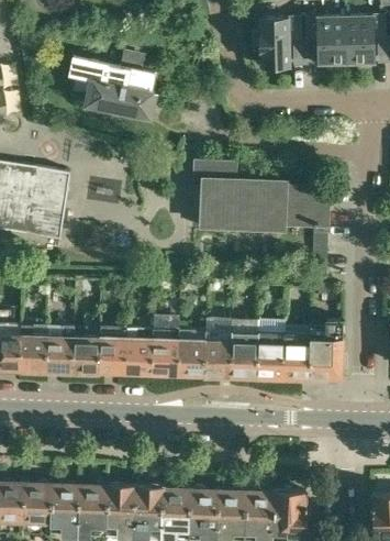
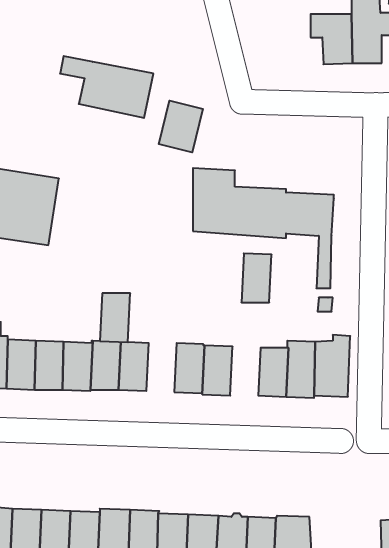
building: [253,19,300,67] -> none
building: none -> [159,101,203,152]
building: [152,328,180,374] -> [100,293,130,342]
building: [231,331,259,377] -> [241,253,272,302]

